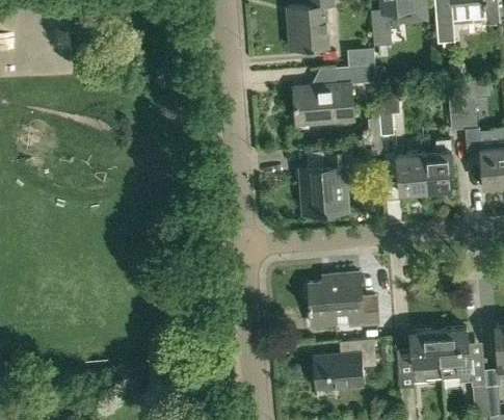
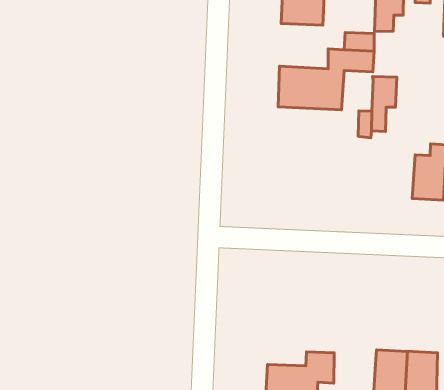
building: [298,152,356,214] -> none
building: [396,153,425,194] -> none
building: [307,273,377,326] -> none

